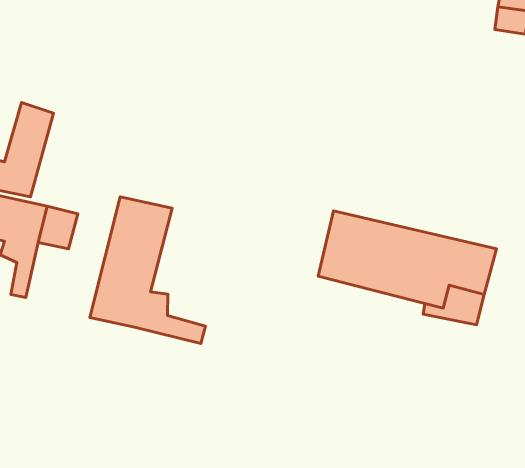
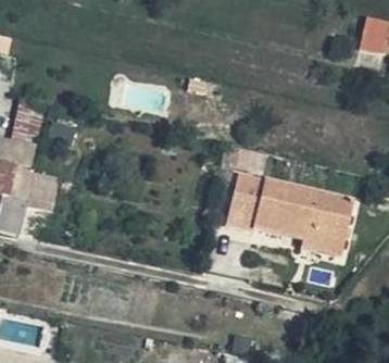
building: [90,197,206,343] -> none

